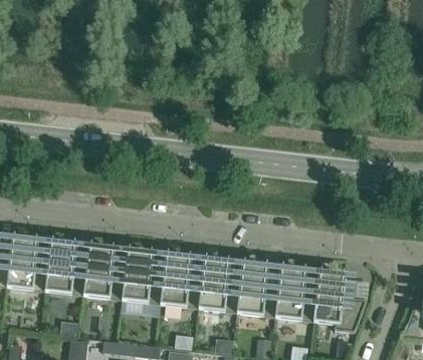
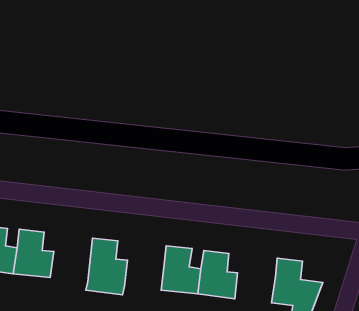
building: [82,247,125,297] -> none
building: [160,256,201,306] -> none
building: [274,269,316,319] -> none

